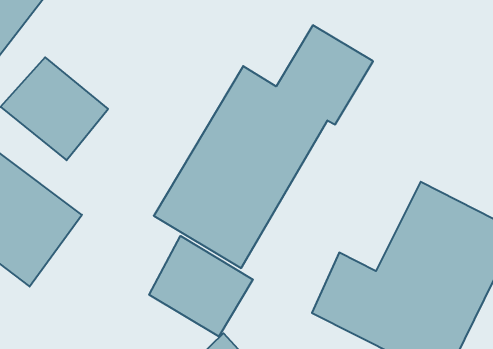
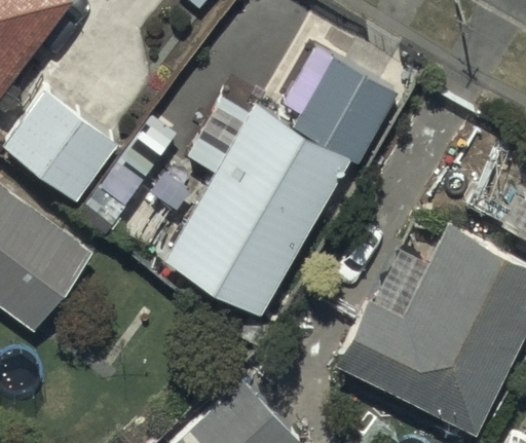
building: [149,236,253,336] -> none

